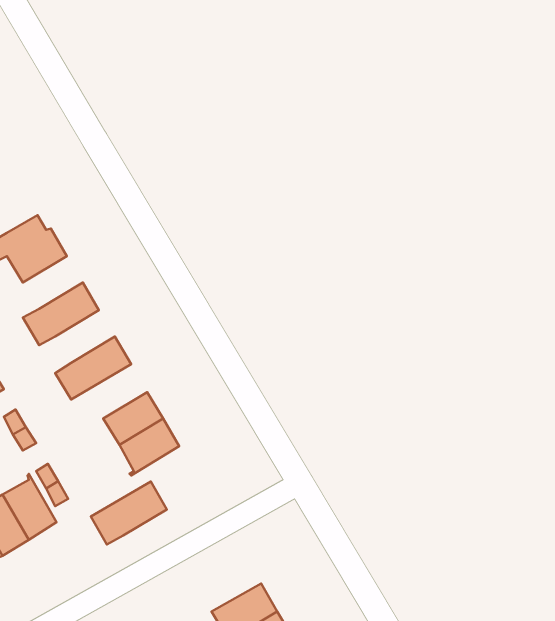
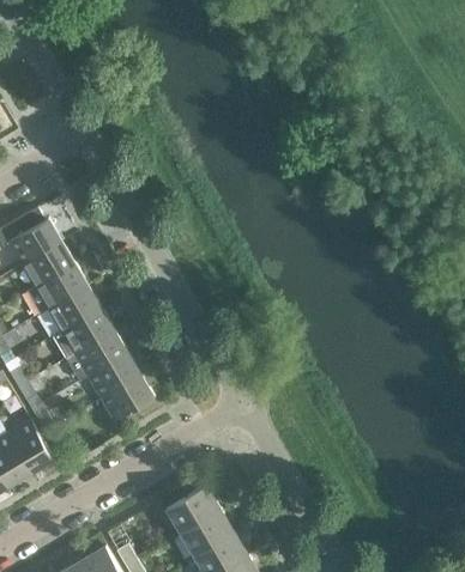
building: none -> [25,243,74,286]
building: none -> [52,287,101,330]
building: [91,482,167,544] -> [65,331,127,383]
building: none -> [165,486,221,534]

